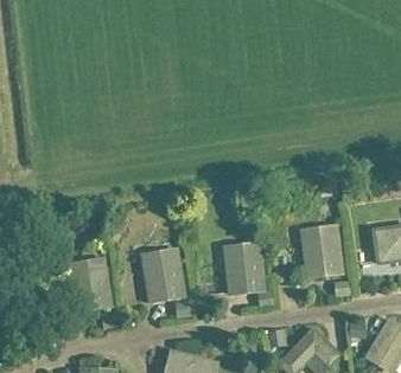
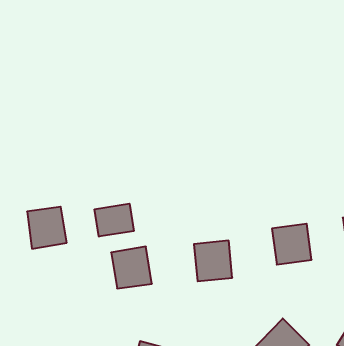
building: none -> [95,204,134,237]
building: [70,269,109,310] -> [27,207,67,249]

